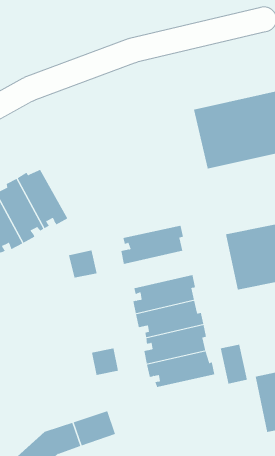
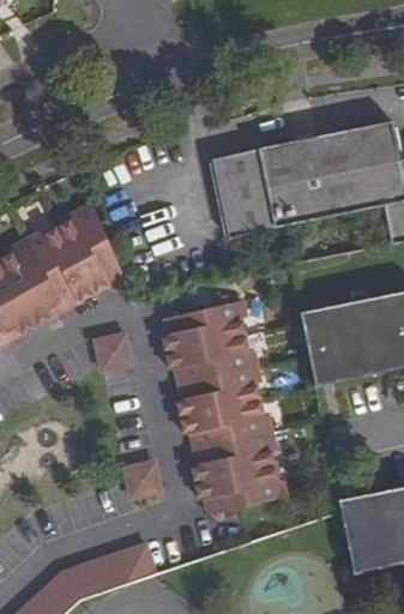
building: none -> [212,150,275,239]
building: none -> [58,203,122,293]
building: none -> [165,335,257,384]
building: [220,344,247,384] -> none

